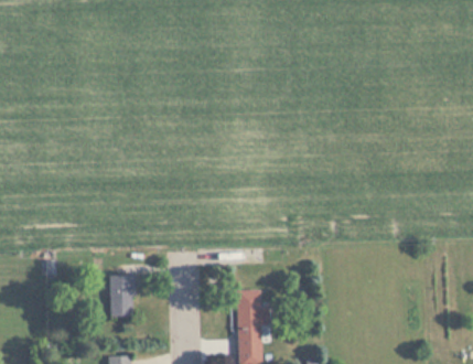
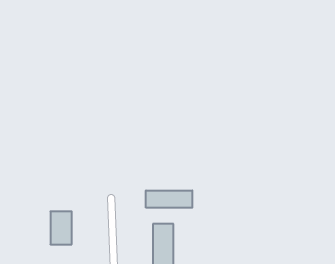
building: none -> [146,190,192,208]

